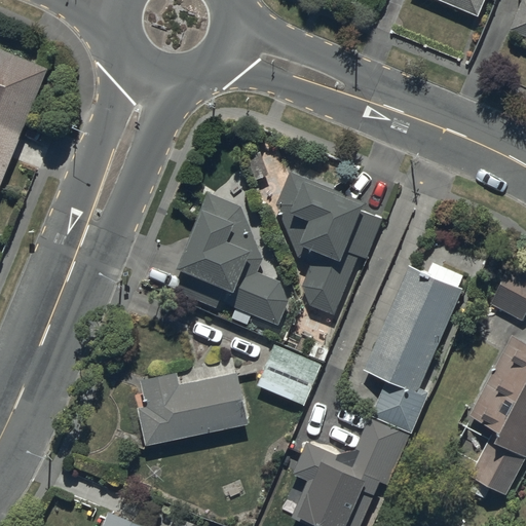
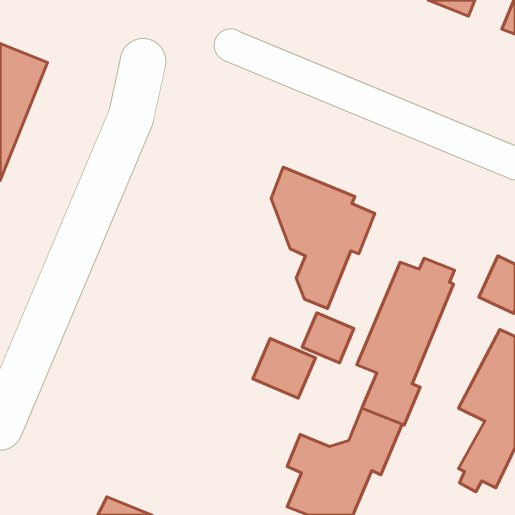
building: [174,192,287,326] -> none
building: none -> [302,313,354,363]
building: [139,372,248,445] -> none

